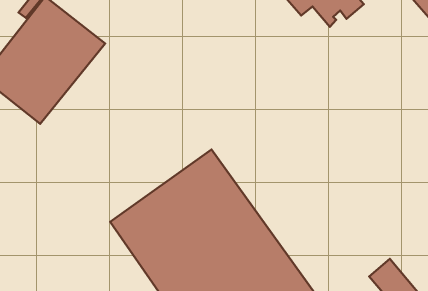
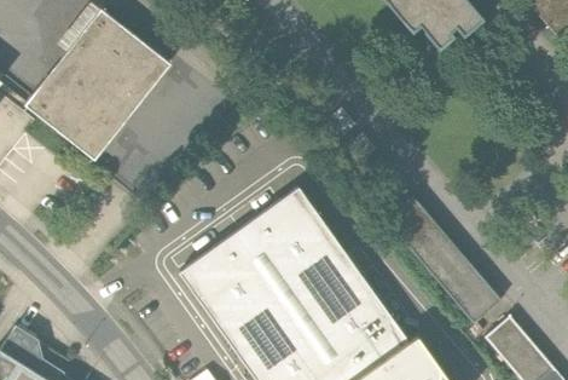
building: none -> [386,196,499,323]

